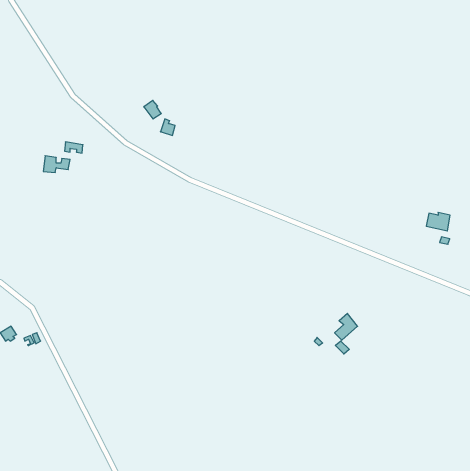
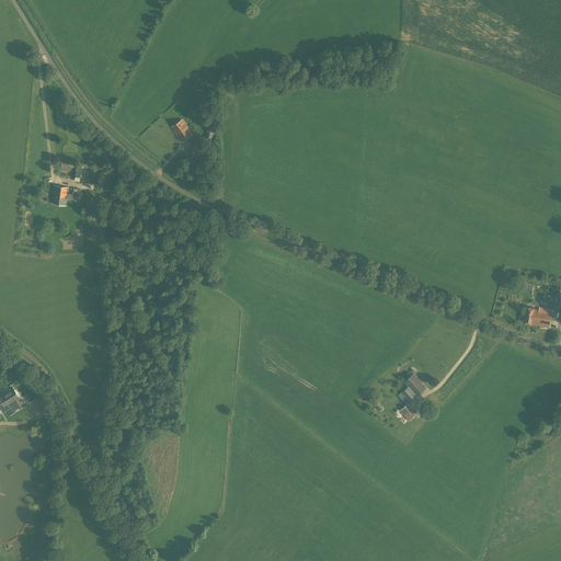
building: [426,212,450,231] -> [526,306,554,328]

